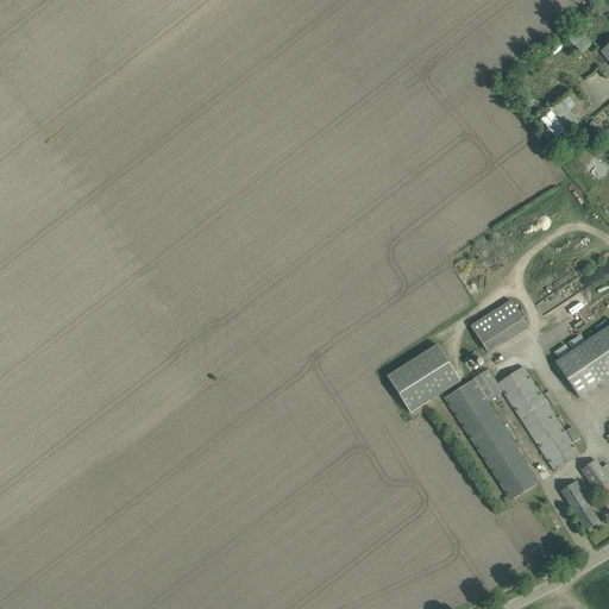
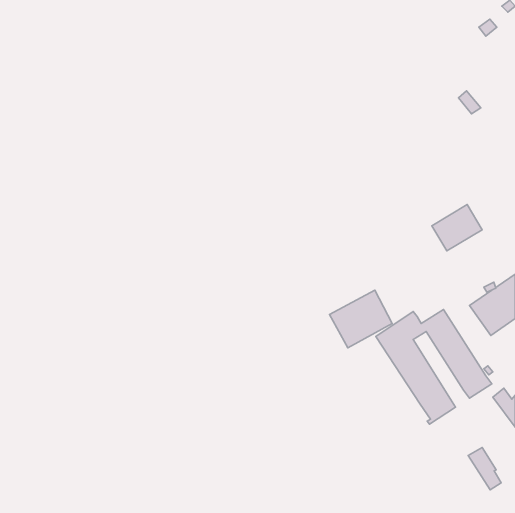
building: [472,297,532,352] -> [432,205,482,251]
building: [560,479,599,529] -> [468,448,501,490]

